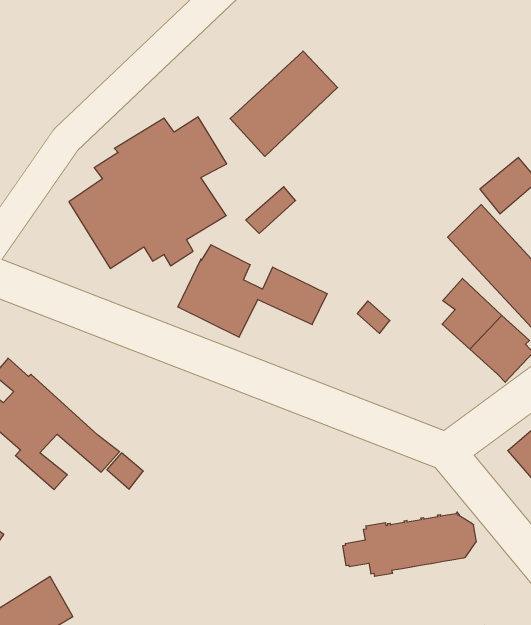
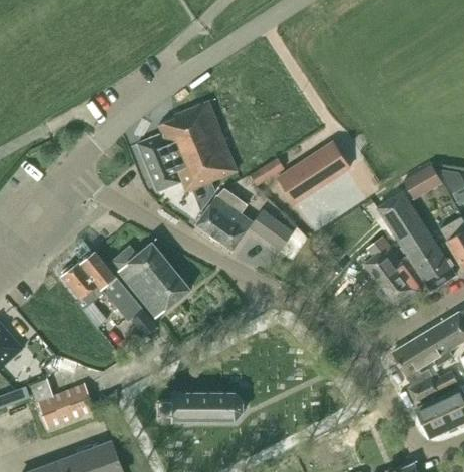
building: [230,51,338,156] -> [278,141,350,204]
building: none -> [112,243,191,317]
building: [343,512,476,576] -> [157,390,244,423]

